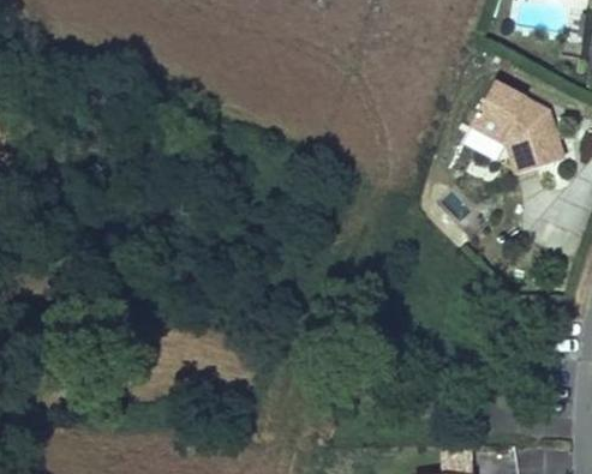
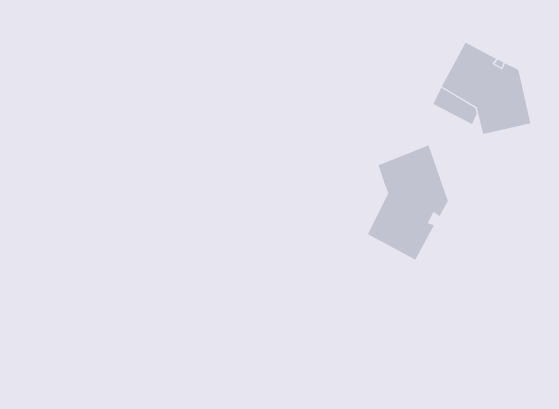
building: none -> [367,144,449,260]

